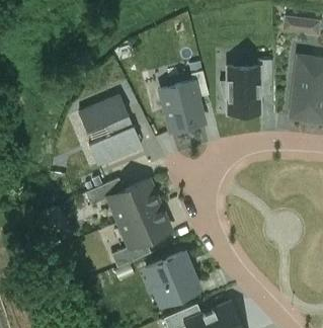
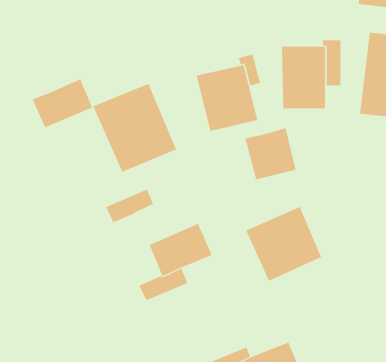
building: none -> [32,78,93,128]
building: none -> [245,128,296,180]
building: [108,181,159,224] -> none
building: [142,250,203,310] -> [245,206,322,281]

